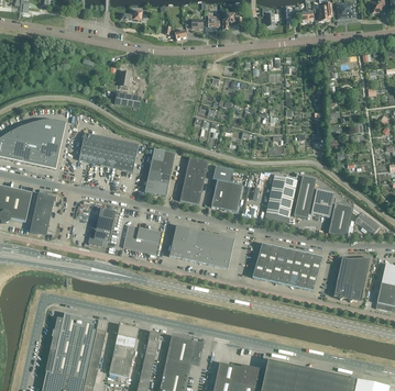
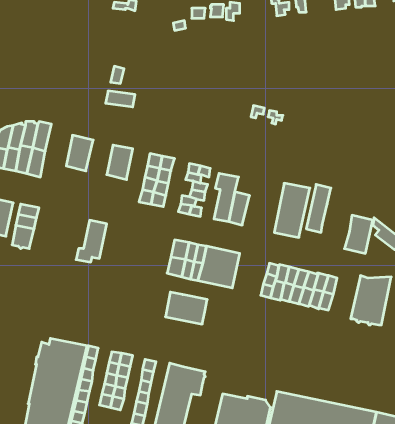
building: [97,136,121,167] -> none
building: [308,189,334,217] -> none
building: [123,225,161,254] -> [165,292,207,324]

